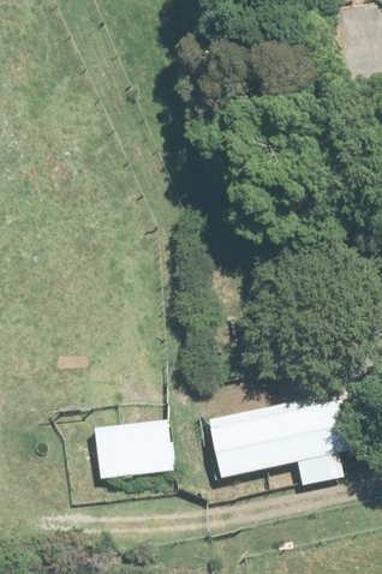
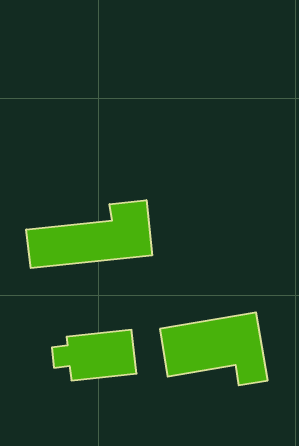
building: none -> [26,200,152,268]

